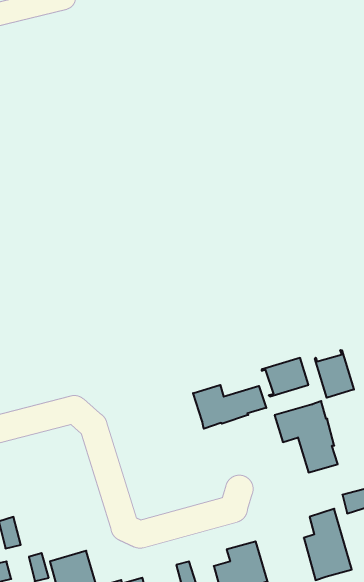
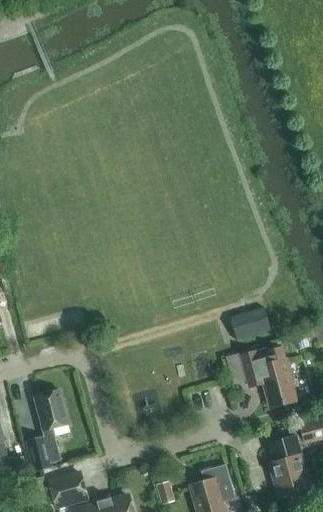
building: [315,350,354,398] -> none
building: [193,385,266,429] -> none
building: none -> [26,389,69,472]

